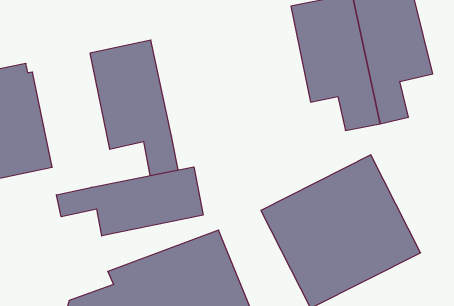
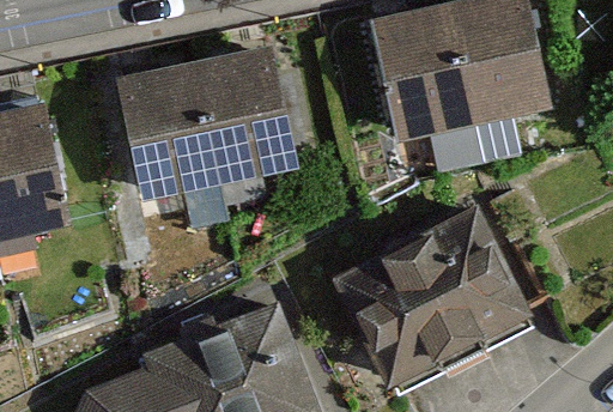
building: none -> [193,43,297,182]
building: [56,167,203,236] -> none

